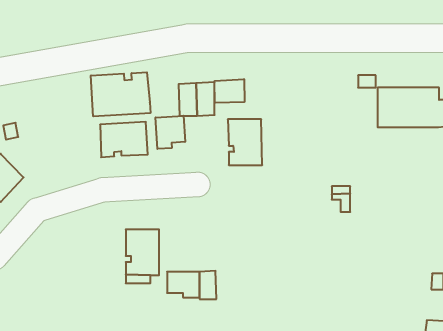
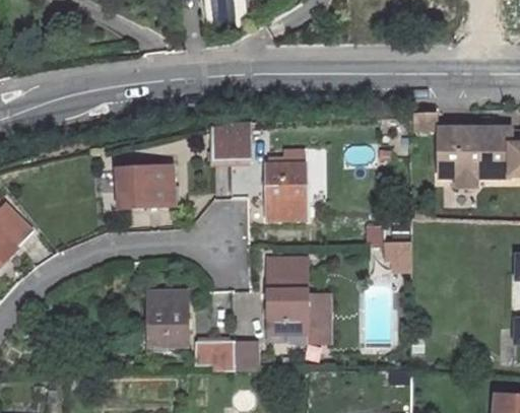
building: [91,72,150,116] -> none
building: [215,79,244,103] -> none
building: [156,116,185,149] -> none
building: none -> [269,257,331,340]

